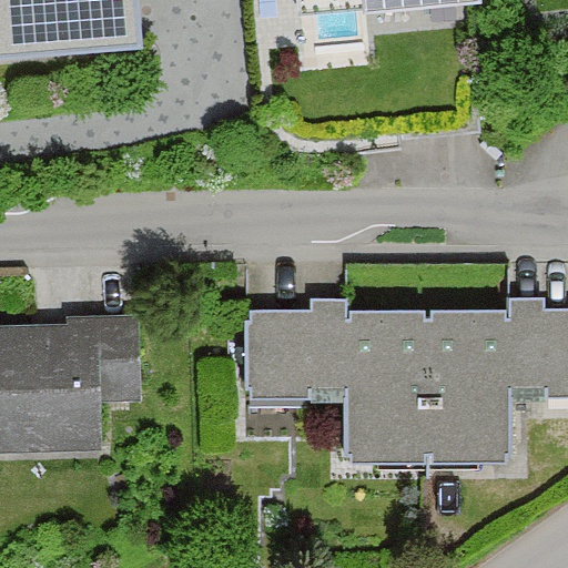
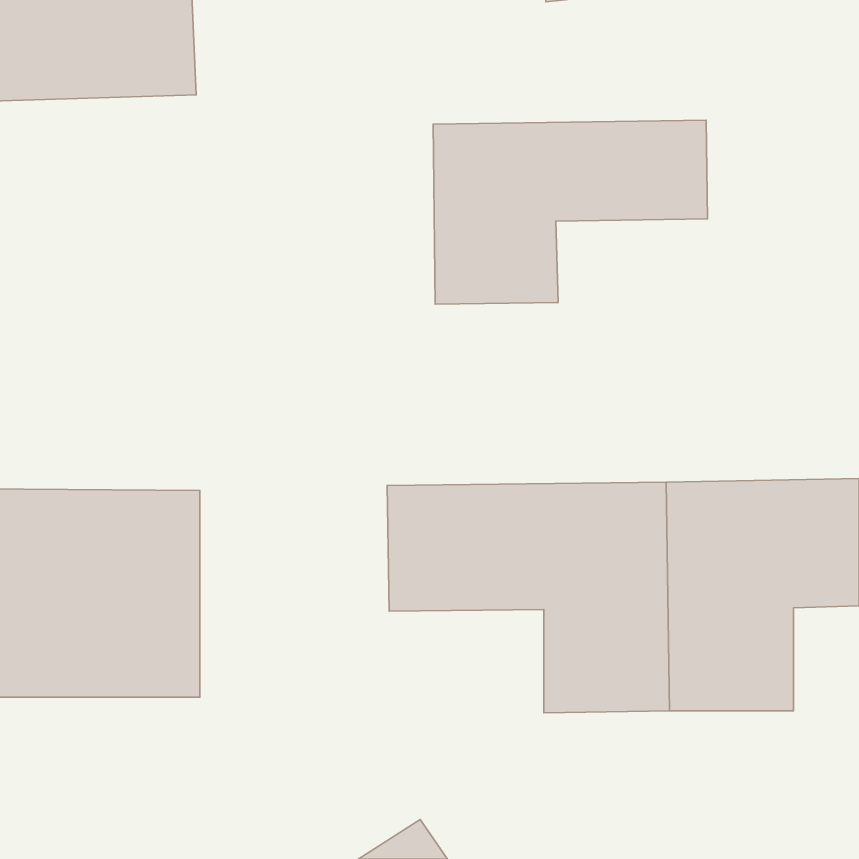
building: none -> [433,120,707,304]

